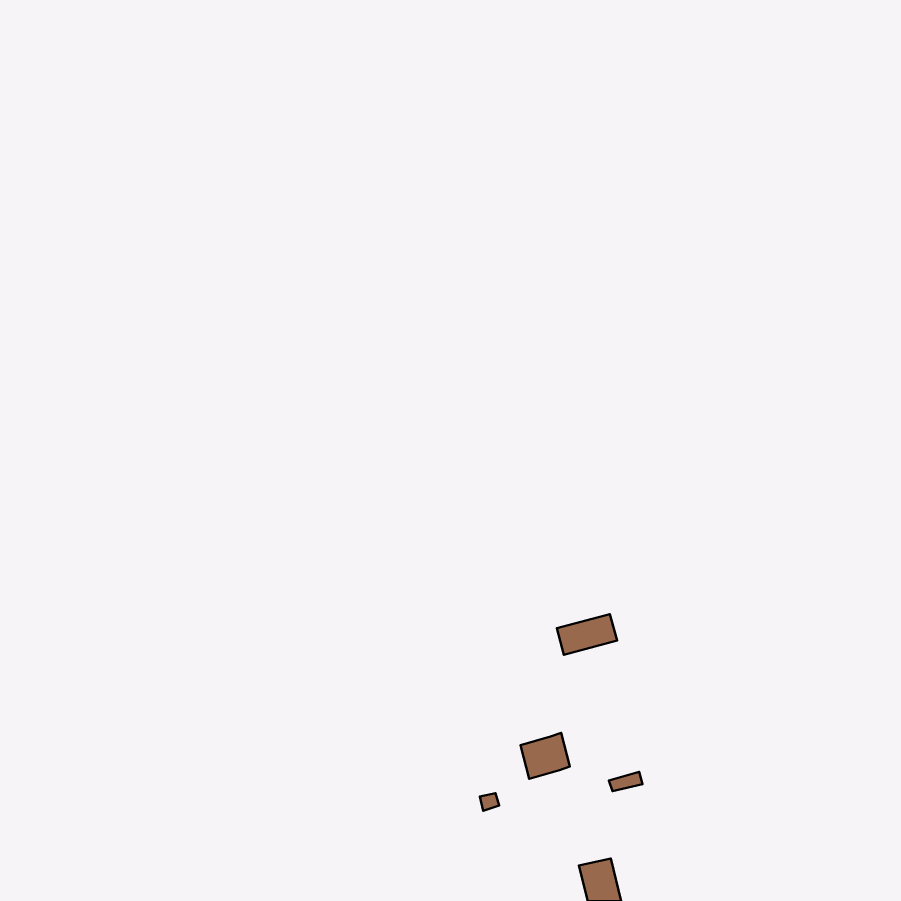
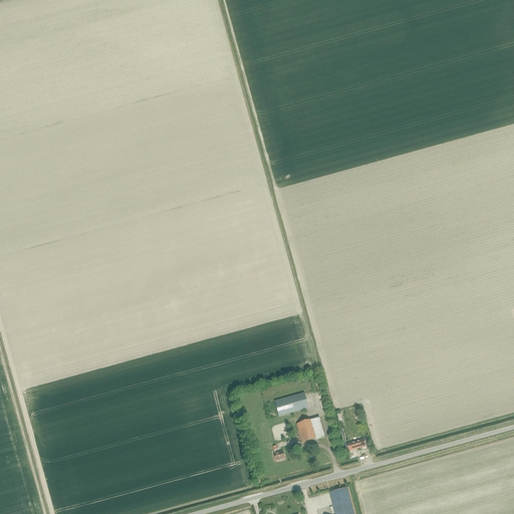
building: [557,614,617,655] -> [273,392,307,415]

